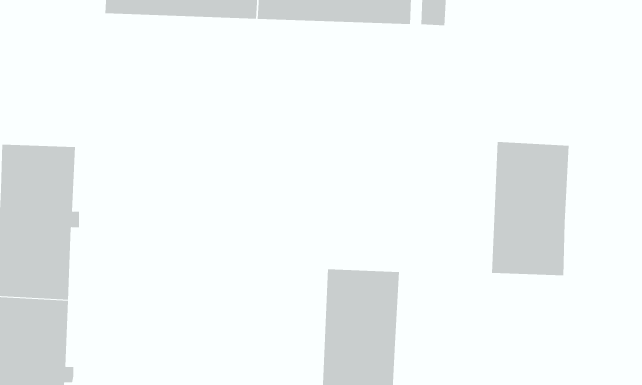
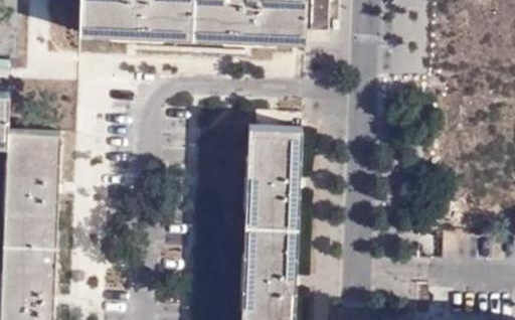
building: [491,141,570,276] -> [244,125,302,223]

